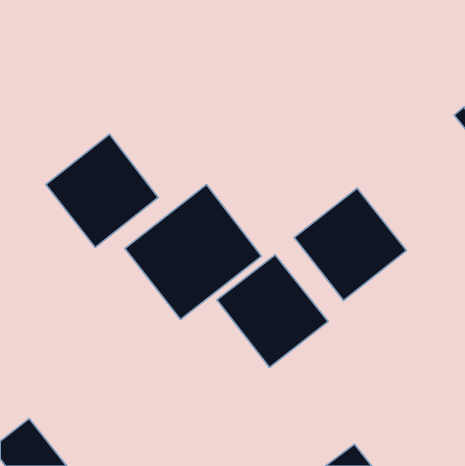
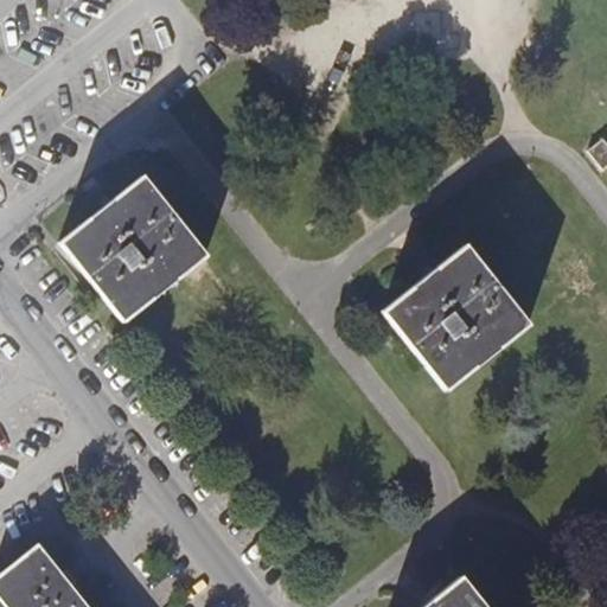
building: [125,184,262,319] -> none
building: [217,255,328,367] -> none

